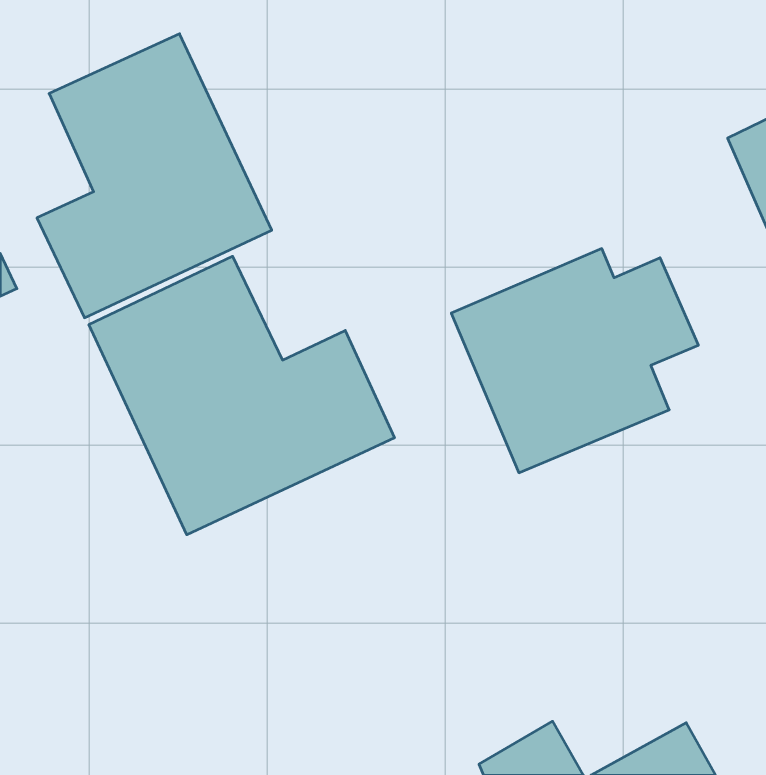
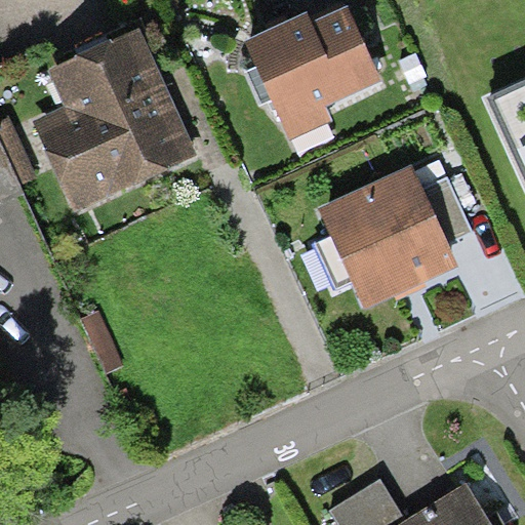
building: none -> [239,5,390,140]
building: [89,256,394,535] -> none

